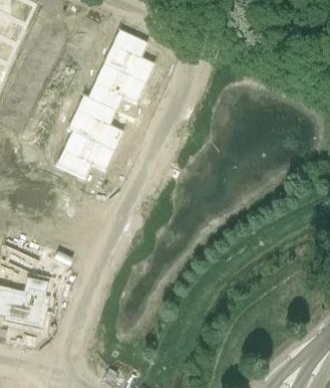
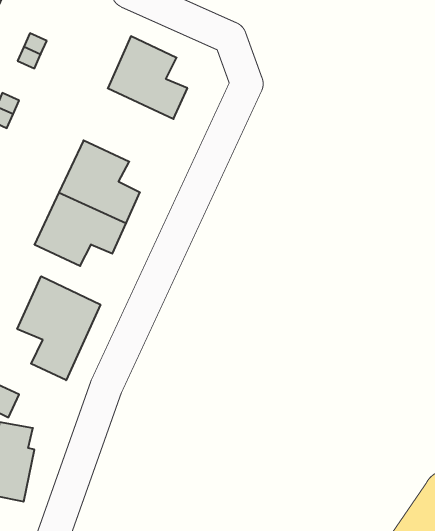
building: [86,61,145,110] -> none
building: none -> [17,276,100,380]

